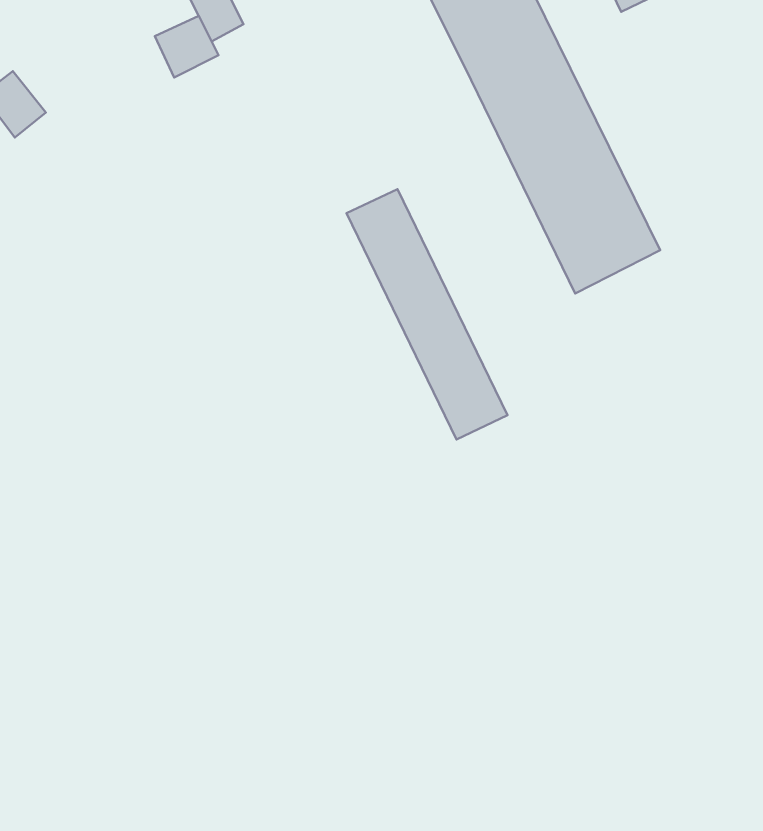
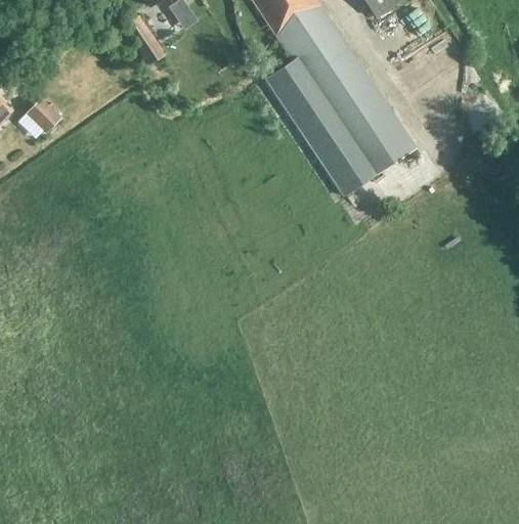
building: [155,16,218,77] -> none
building: [346,189,508,439] -> [266,60,372,195]

